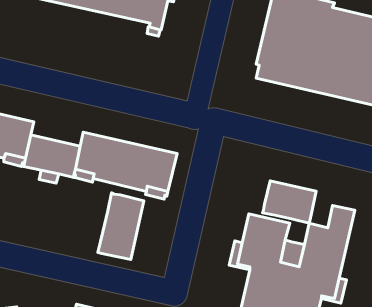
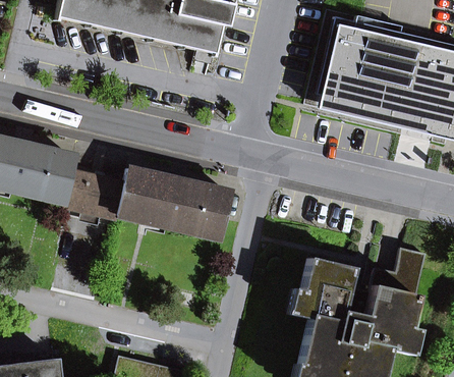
building: [262,181,316,223] -> none
building: [98,193,144,260] -> none

